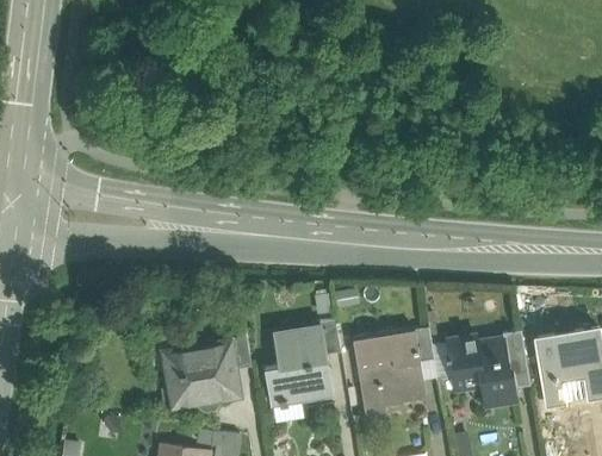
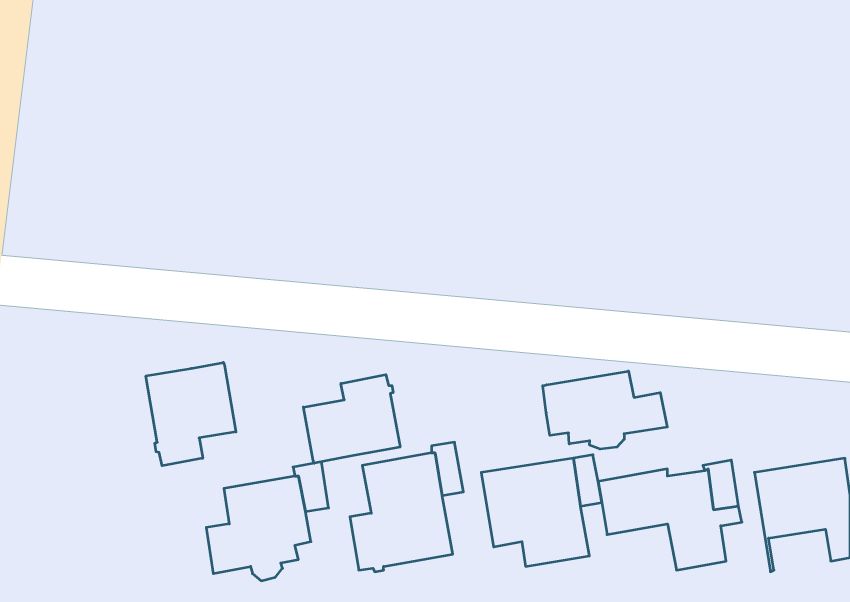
building: none -> [146,362,236,466]
building: none -> [543,371,667,449]
building: none -> [303,375,400,463]

